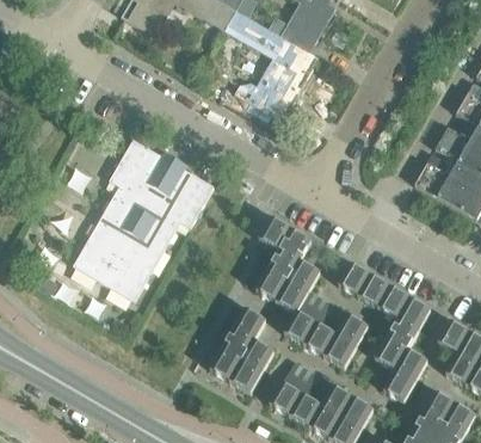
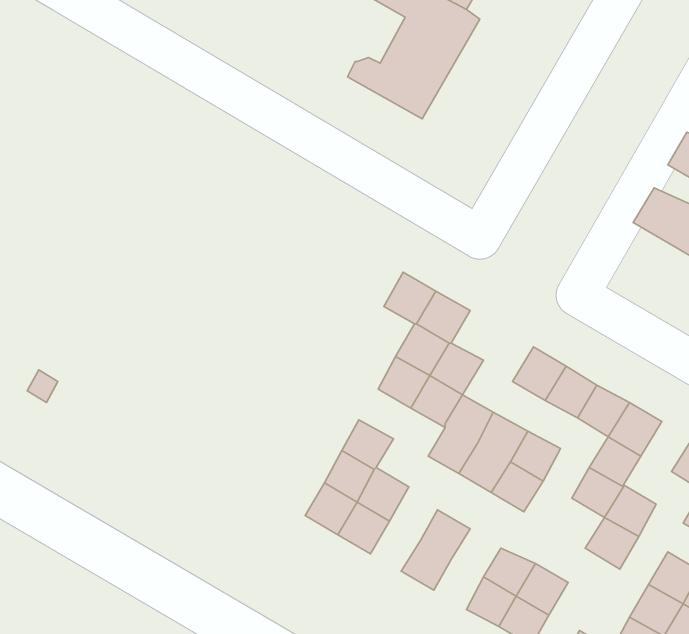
building: [74,140,215,300] -> none
building: [290,376,332,426] -> none

